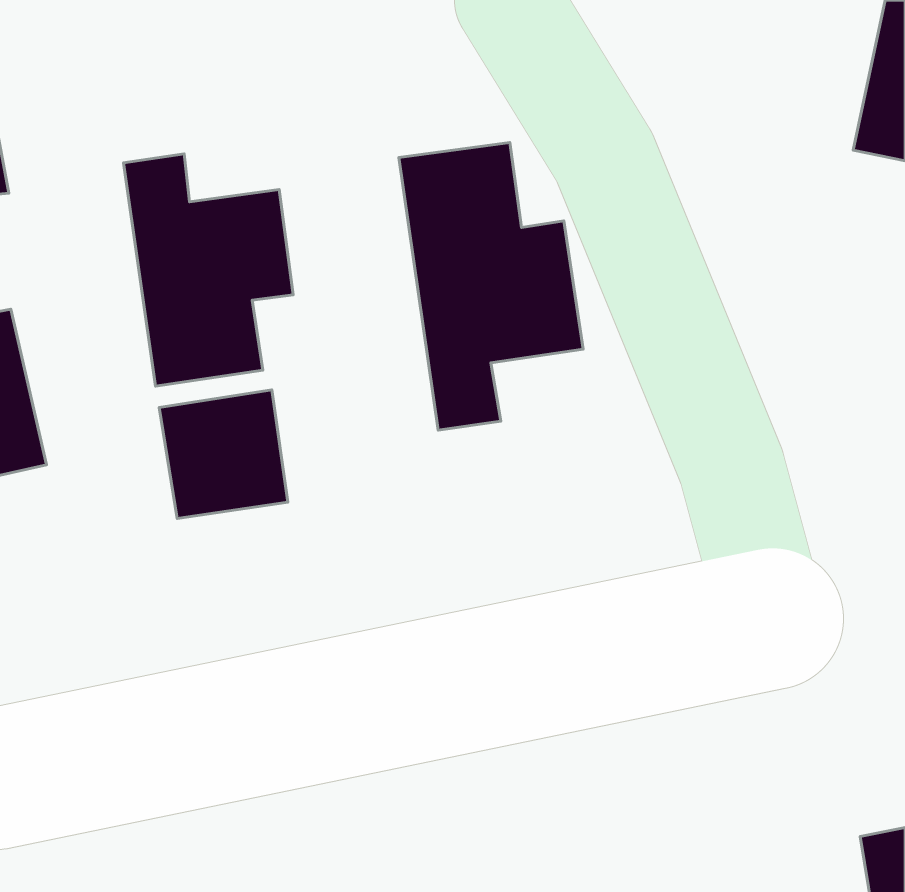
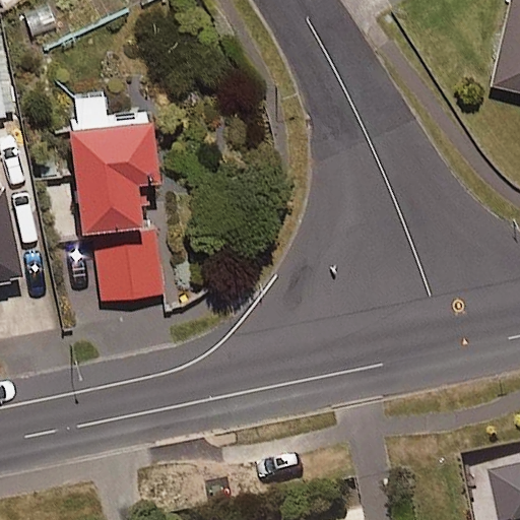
building: [399,142,583,430] -> none

